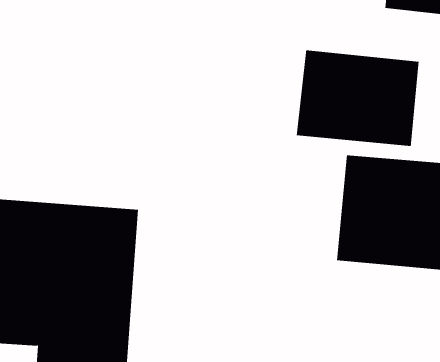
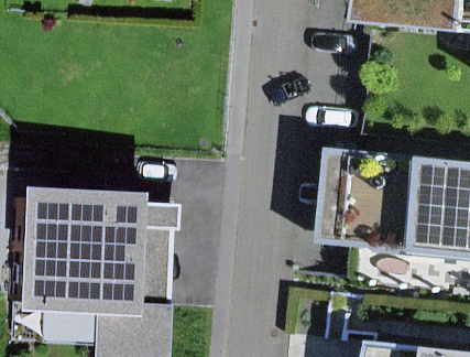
building: [296,50,419,147] -> none

